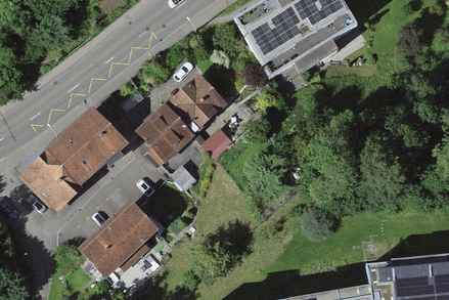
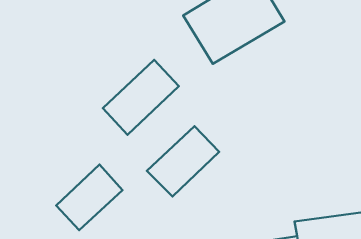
building: [23,106,128,213] -> none
building: none -> [147,126,219,197]

